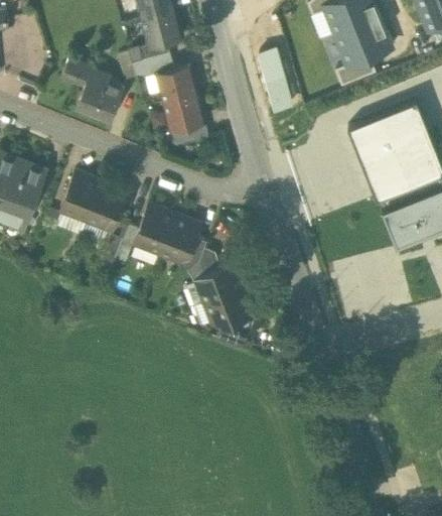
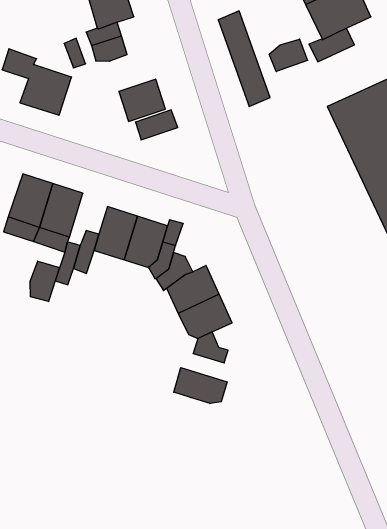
building: none -> [269,39,308,72]
building: [157,67,197,103] -> none
building: none -> [30,261,59,302]
building: none -> [174,368,227,404]

